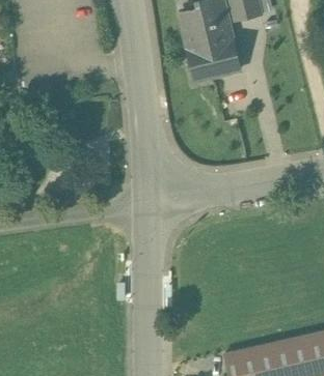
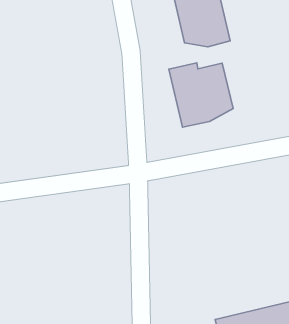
building: none -> [169,63,233,127]

